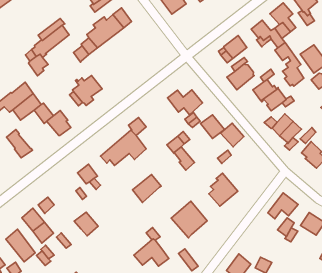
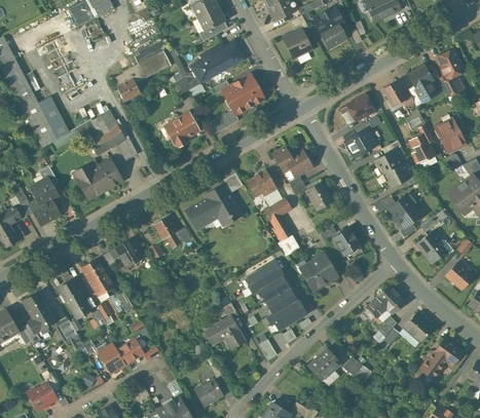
building: none -> [222,75,264,114]
building: [47,111,71,136] -> [93,159,119,188]
building: none -> [247,169,276,196]
building: [220,123,244,147] -> [333,228,360,256]
building: [133,174,161,202] -> [249,262,283,293]
building: [74,212,98,236] -> [115,239,142,267]
building: none -> [275,302,308,332]

